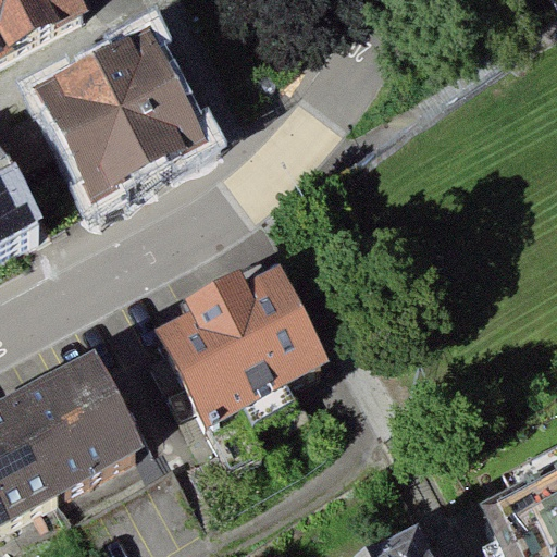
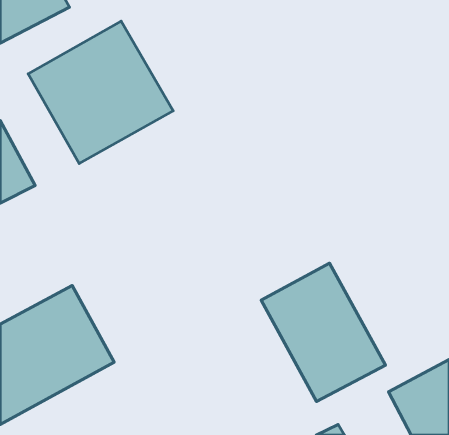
building: [150,256,323,418] -> none
building: none -> [261,263,385,402]

